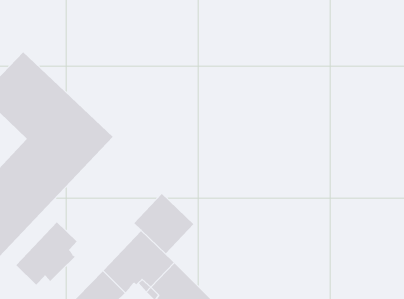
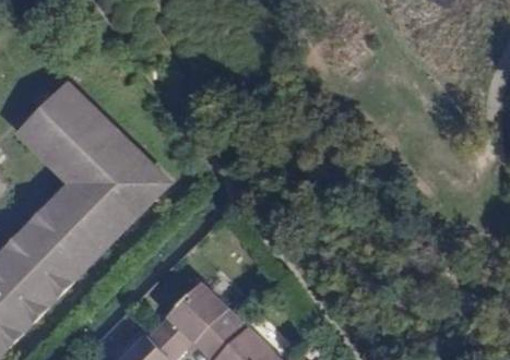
building: [133,193,194,254] -> none
building: [15,221,78,285] -> none

